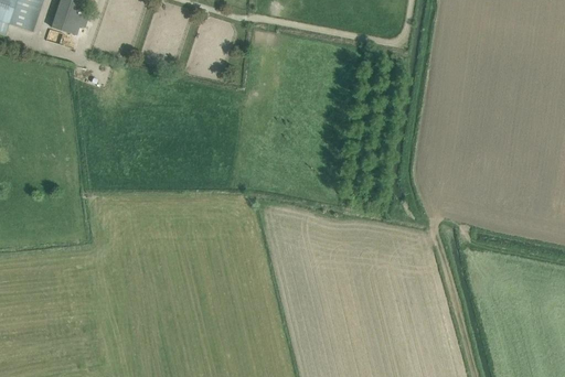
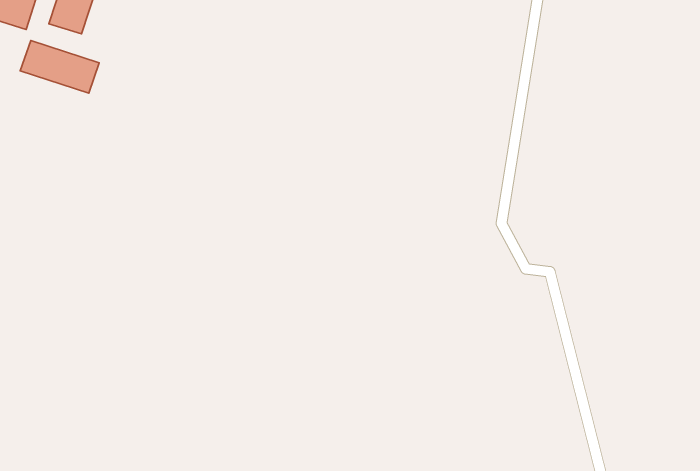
building: none -> [20,41,99,93]

